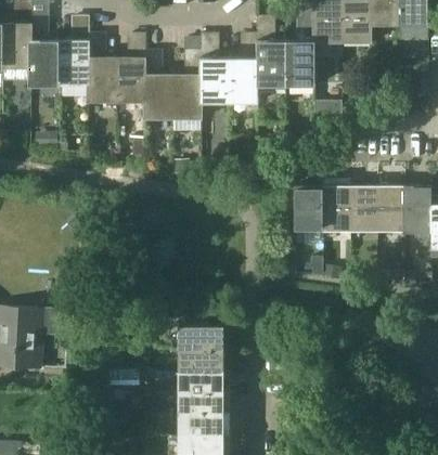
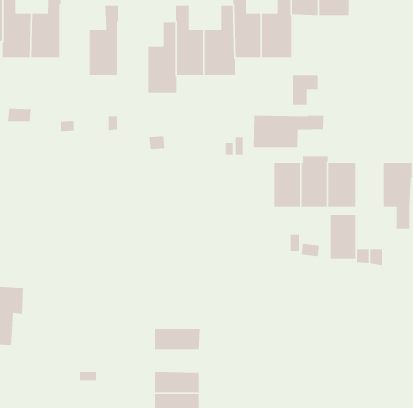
building: [86,34,115,103] -> none
building: [142,50,172,120] -> none
building: none -> [253,115,324,148]
building: [377,187,403,232] -> [330,214,356,259]
building: [179,326,224,350] -> none
building: [179,372,223,393] -> none

